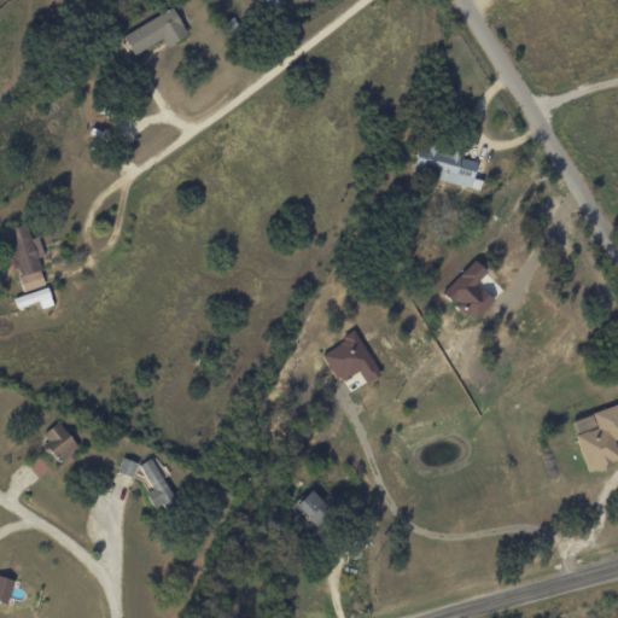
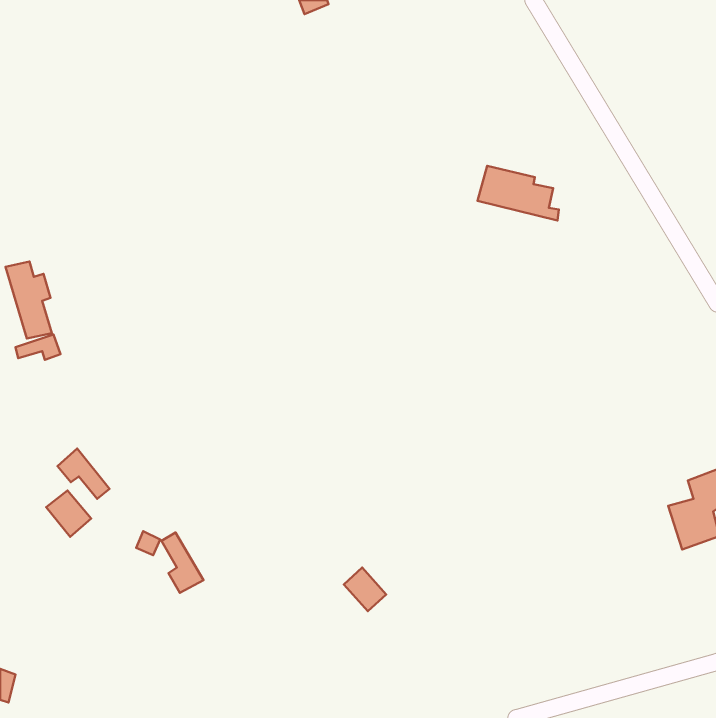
building: [123,7,188,54] -> none
building: [442,260,494,322] -> none
building: [320,332,381,383] -> none
building: none -> [57,449,110,499]

